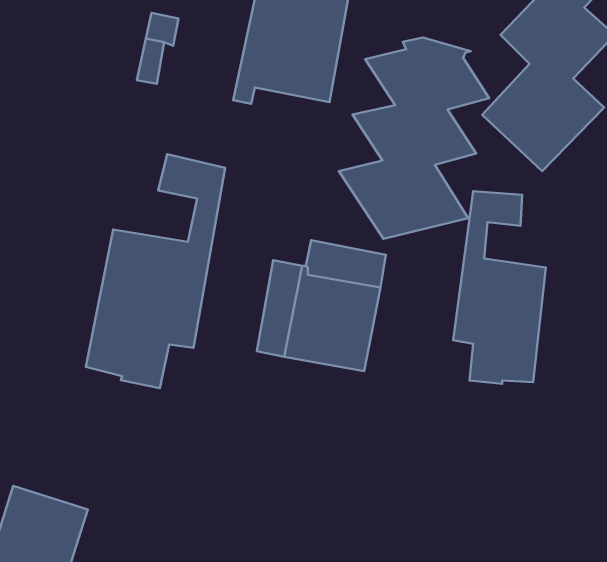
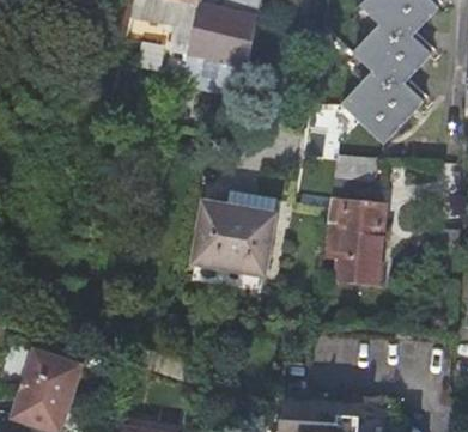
building: [339,38,489,239] -> none
building: [86,154,225,388] -> none

